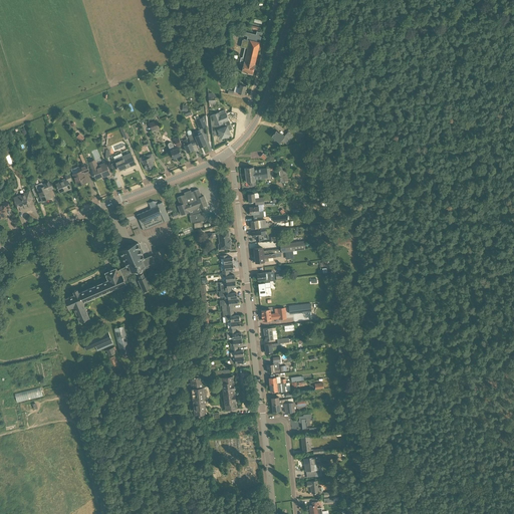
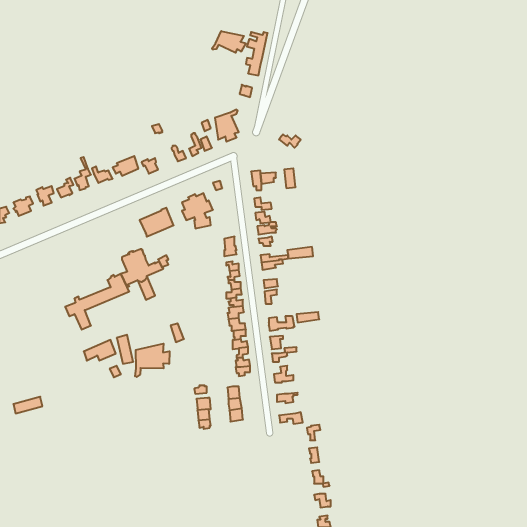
building: none -> [212,31,246,53]
building: none -> [135,344,170,377]

